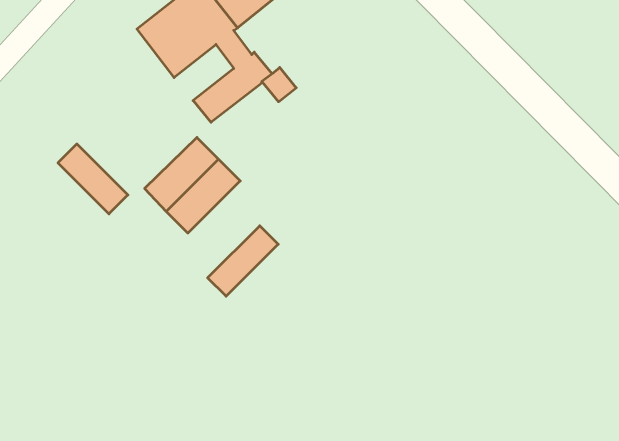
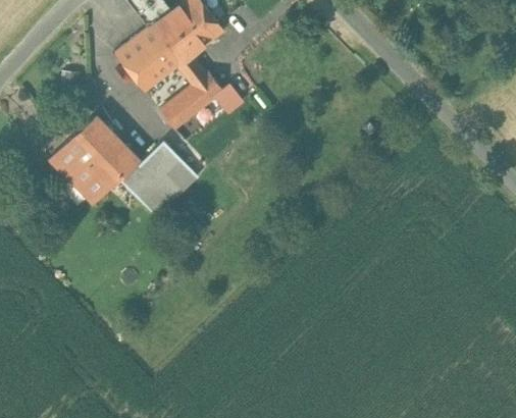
building: none -> [66,117,136,187]
building: [208,226,278,296] -> none

